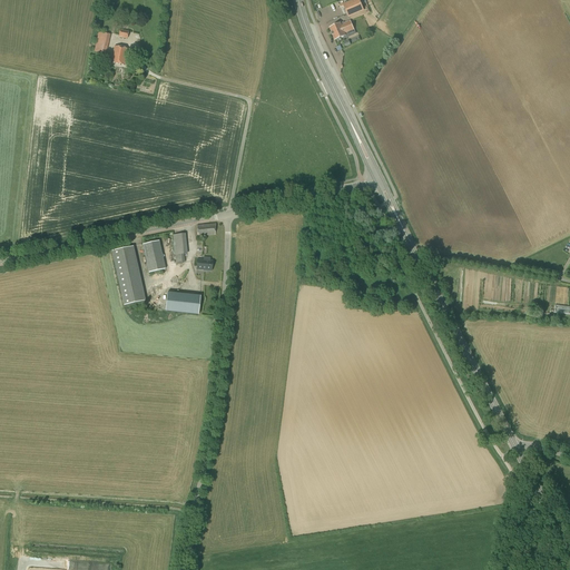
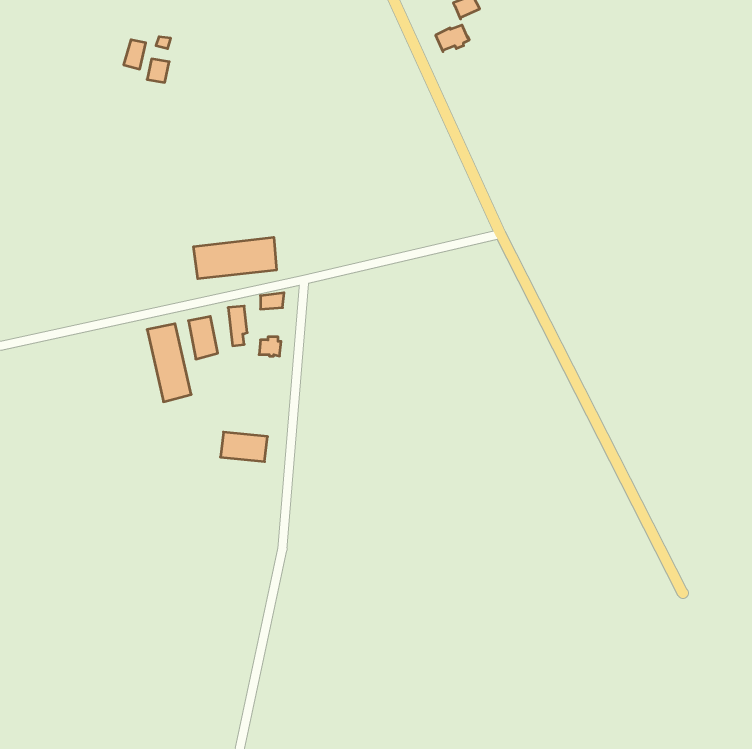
building: none -> [194,237,276,279]
building: [165,291,200,313] -> [220,432,268,462]

